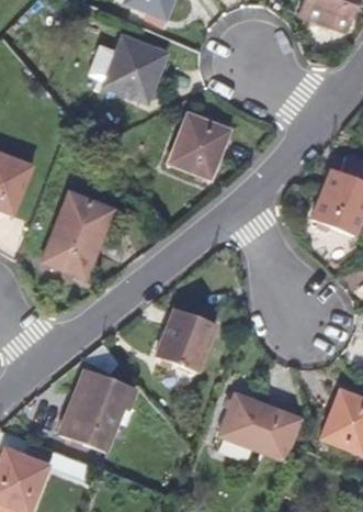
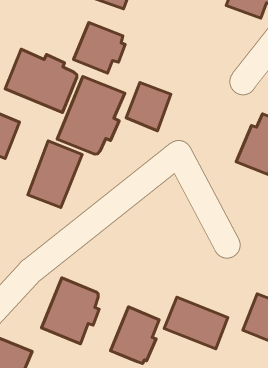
building: none -> [5,49,77,112]
building: none -> [57,76,125,154]
building: [156,308,216,372] -> none
building: none -> [111,307,159,364]

